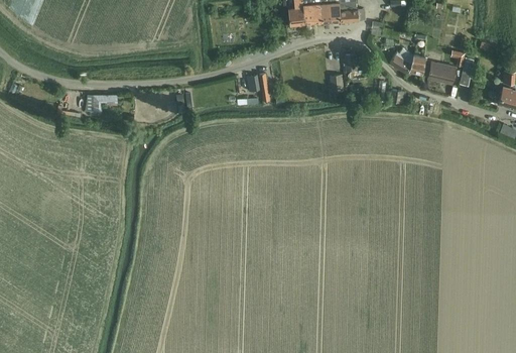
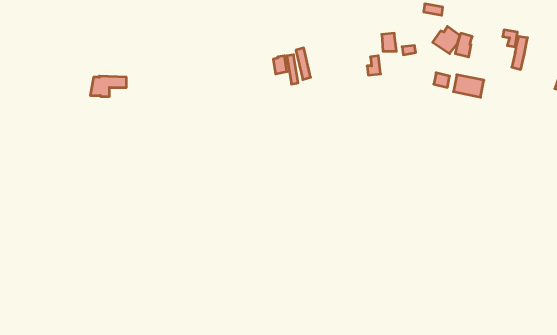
building: [426,64,454,84] -> [453,75,484,97]

